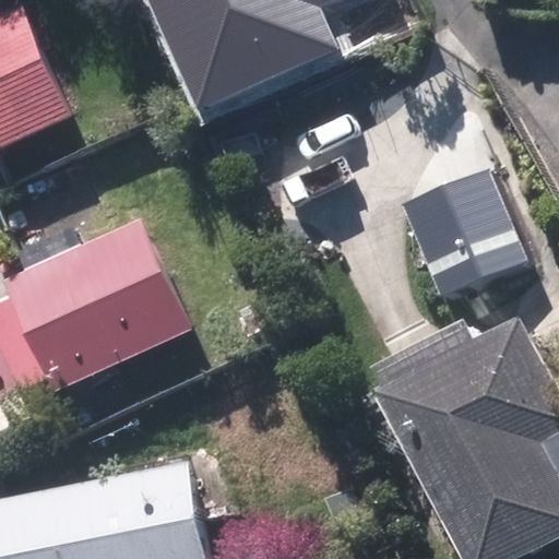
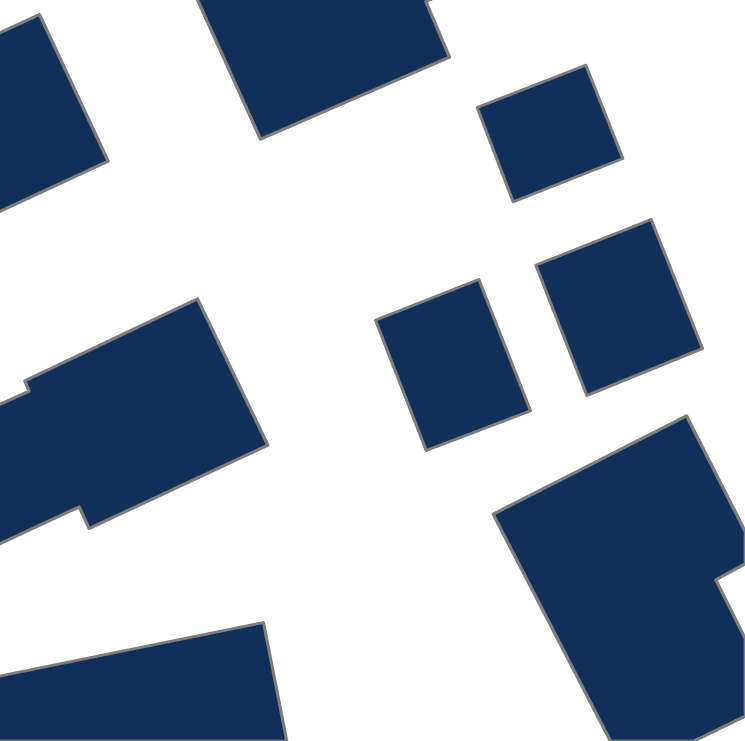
building: none -> [477,65,623,202]
building: none -> [375,279,531,451]

